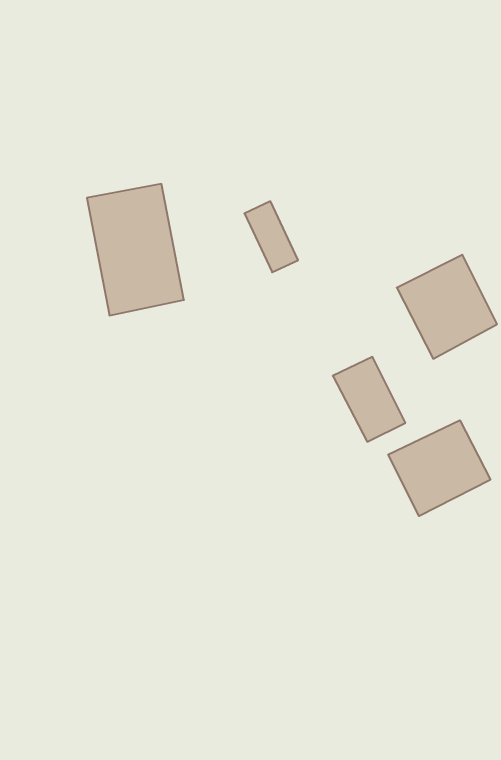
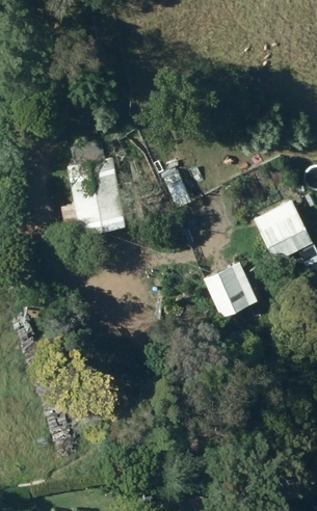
building: [388,420,490,516] -> none

